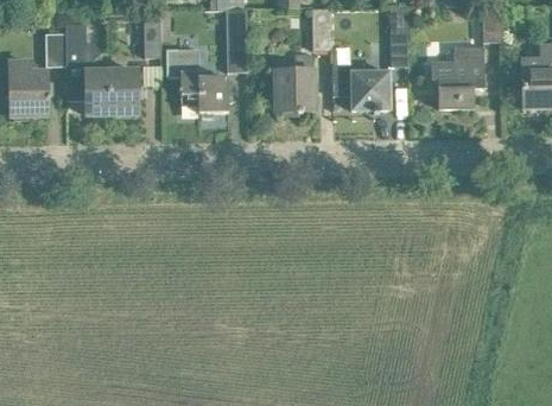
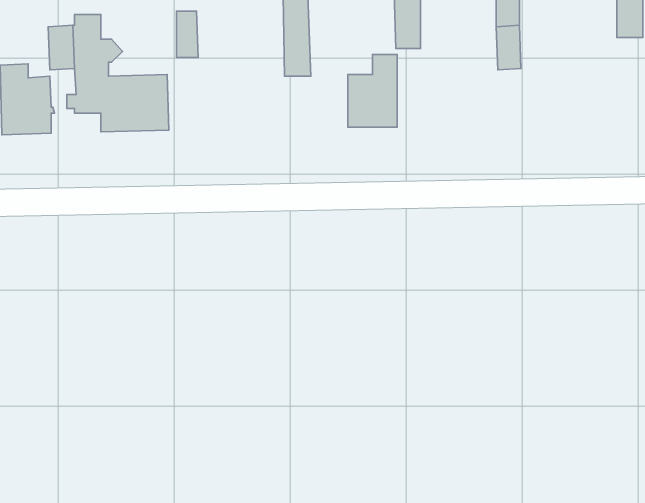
building: [431,46,484,109] -> none
building: [165,47,228,112] -> none
building: [332,62,389,109] -> none

